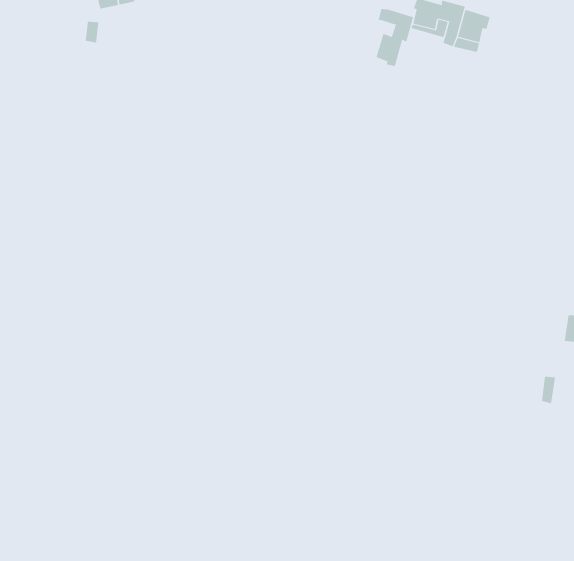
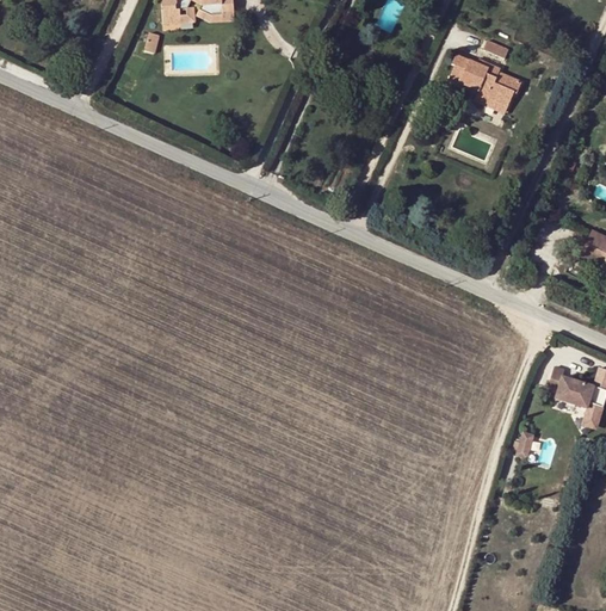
building: [376,8,414,67] -> none

